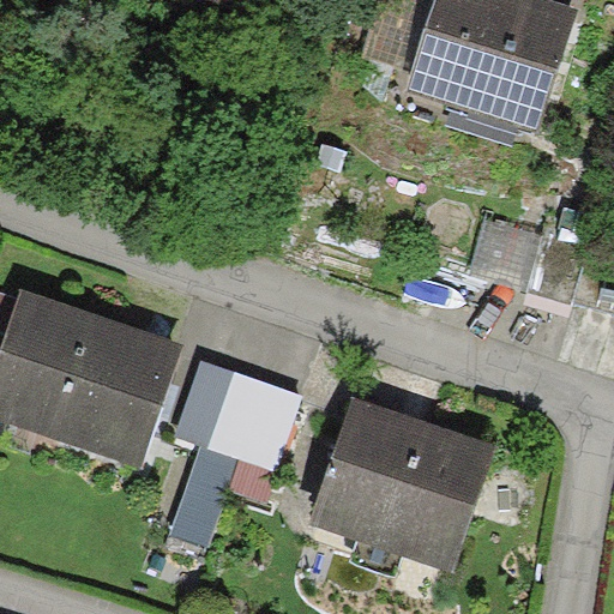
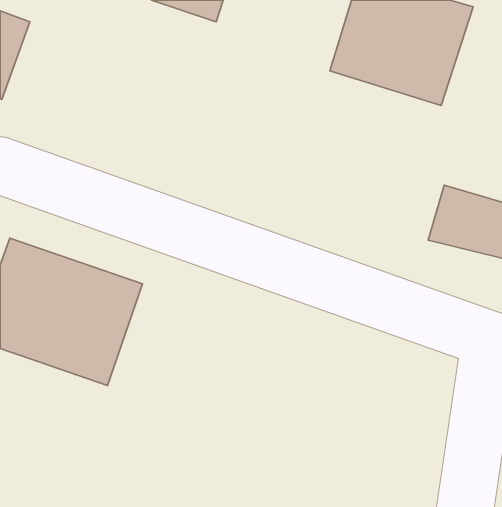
building: [192,369,301,482] -> none
building: [308,397,492,570] -> none

